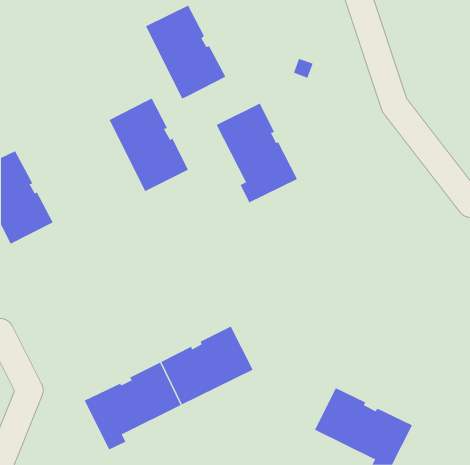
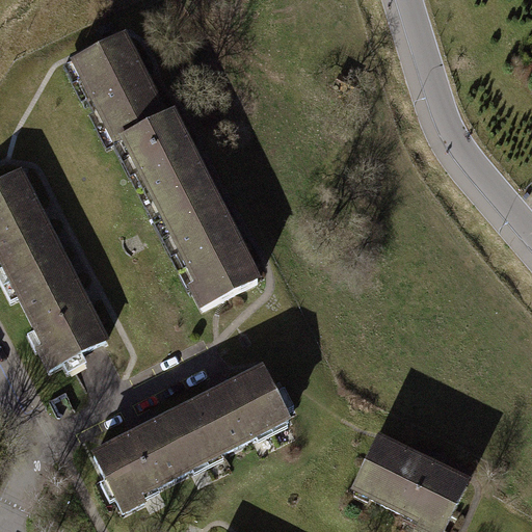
building: [145,5,226,99] -> [75,32,166,138]
building: [216,103,298,203] -> [164,191,257,304]
building: none -> [12,250,106,365]

